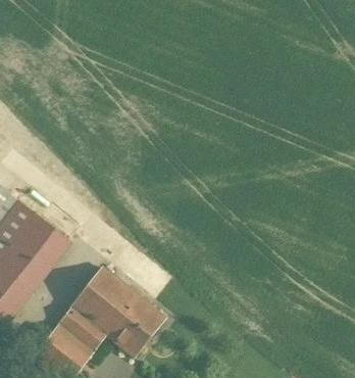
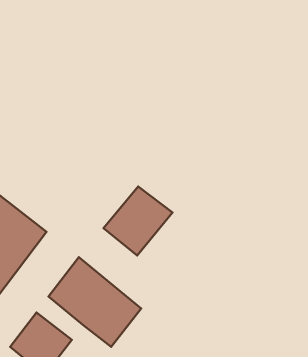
building: none -> [104,186,173,256]
building: [60,306,107,350] -> none

